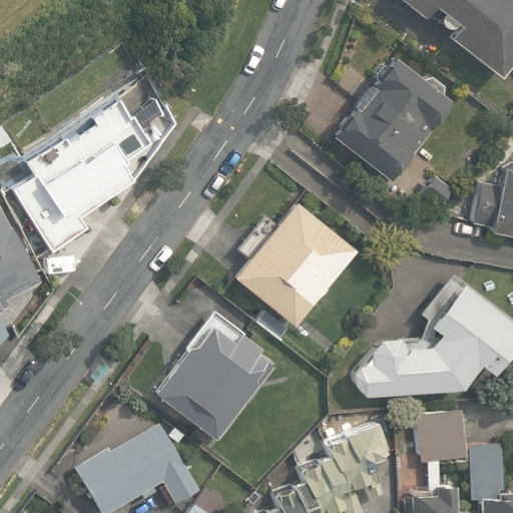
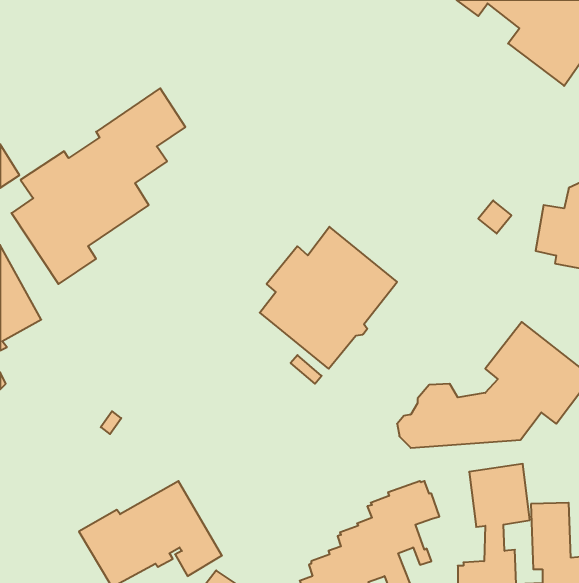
building: [333,57,449,179] -> none
building: [154,312,277,439] -> none

